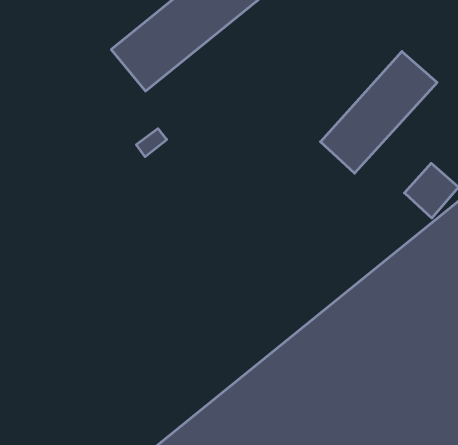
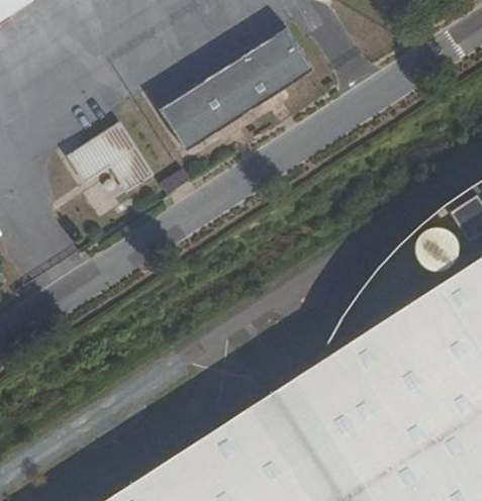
building: [320,51,437,173] -> none
building: none -> [76,125,151,190]

